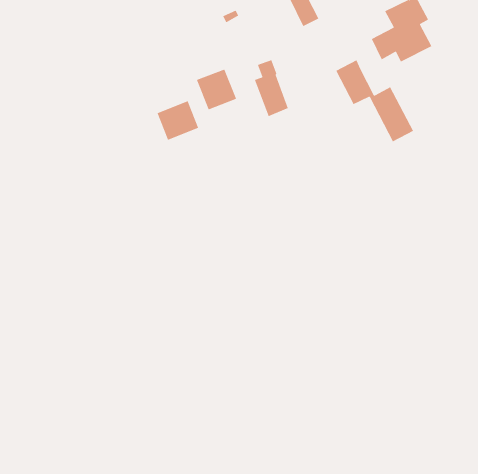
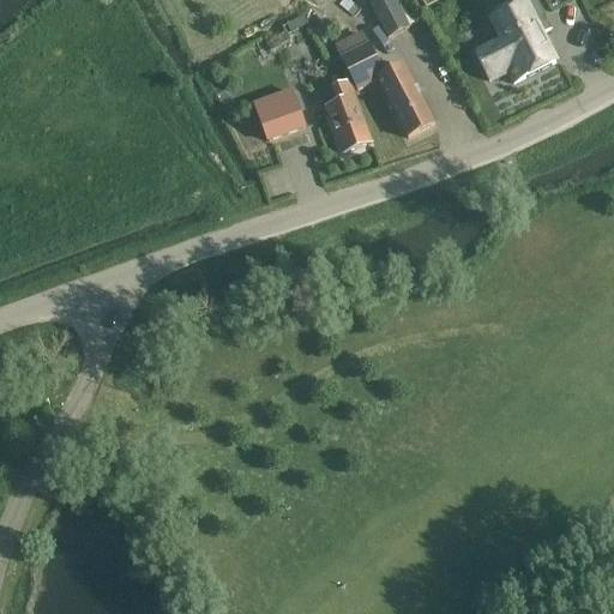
building: [335,59,414,143] -> [333,28,434,134]
building: [156,100,199,141] -> none

